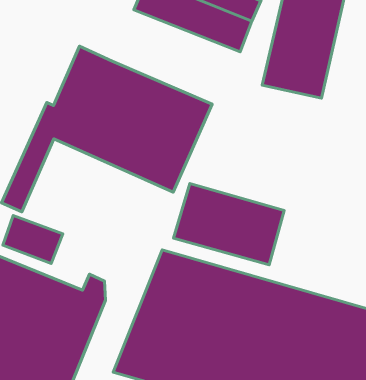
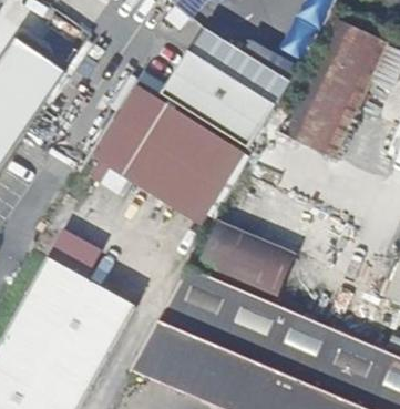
building: none -> [165,59,277,151]

